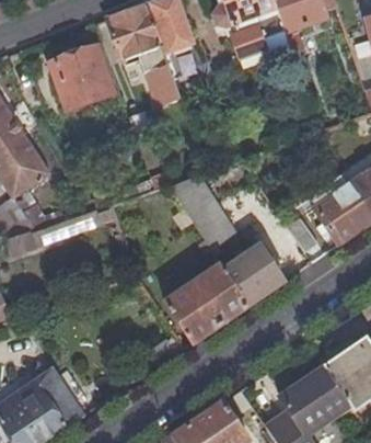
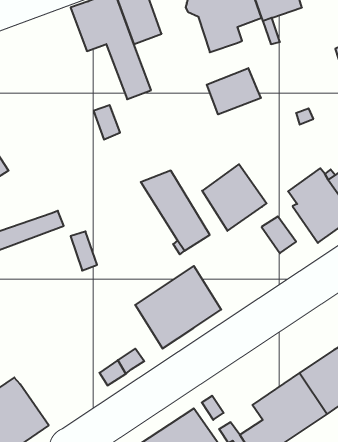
building: [46,44,112,109] -> none
building: none -> [207,68,261,114]
building: [224,242,286,306] -> [202,164,267,231]

